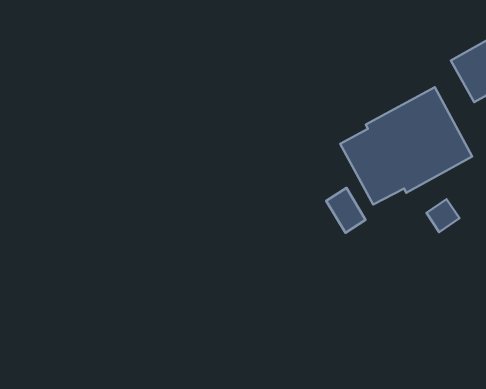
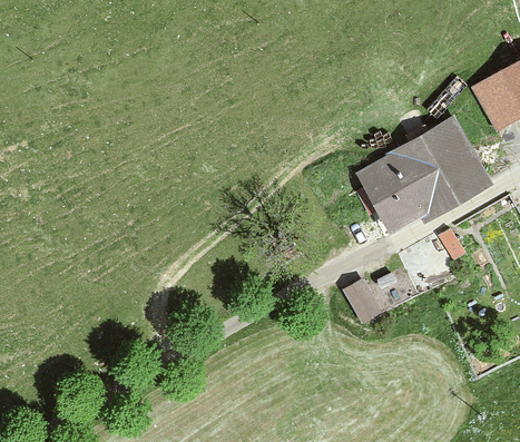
building: [326,188,366,233] -> [344,278,385,325]

